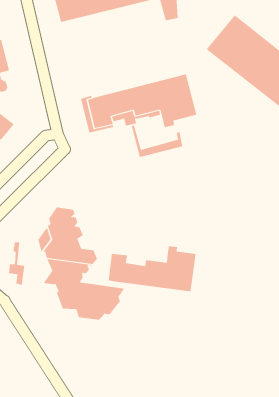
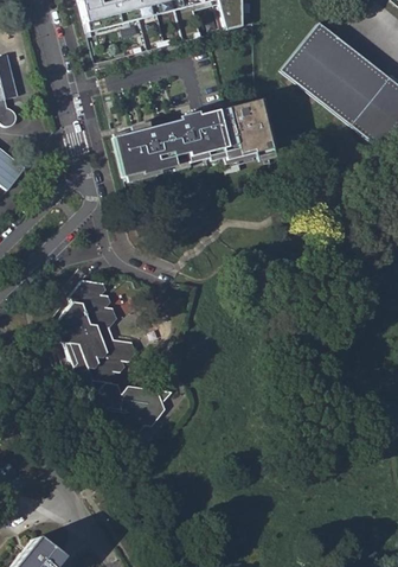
building: [131,124,183,158] -> none
building: [9,242,25,285] -> none
building: [108,245,196,292] -> none

